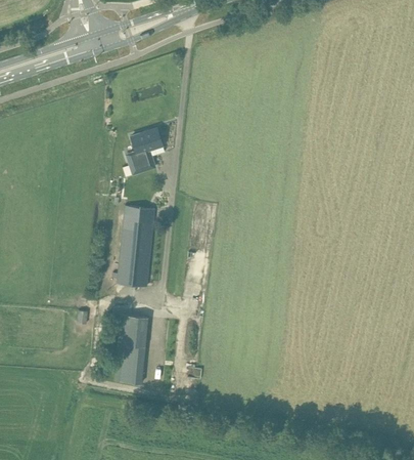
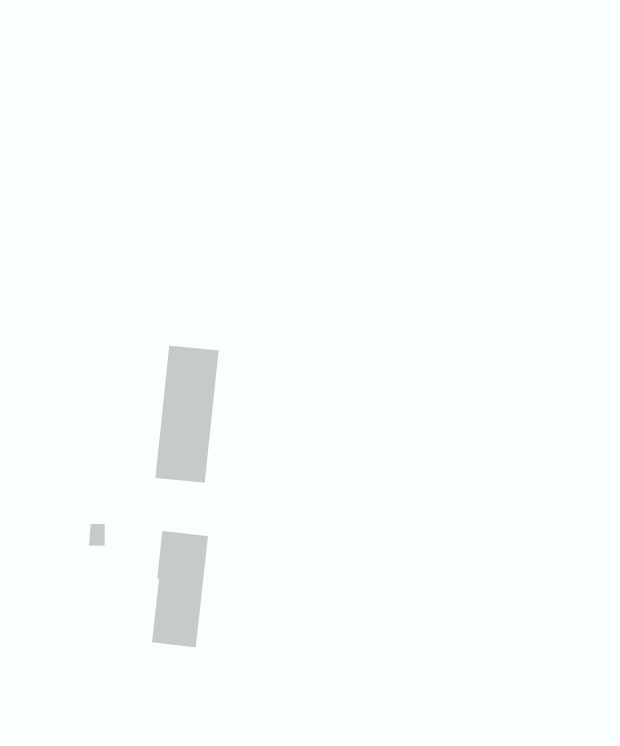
building: [126,129,165,173] -> none

